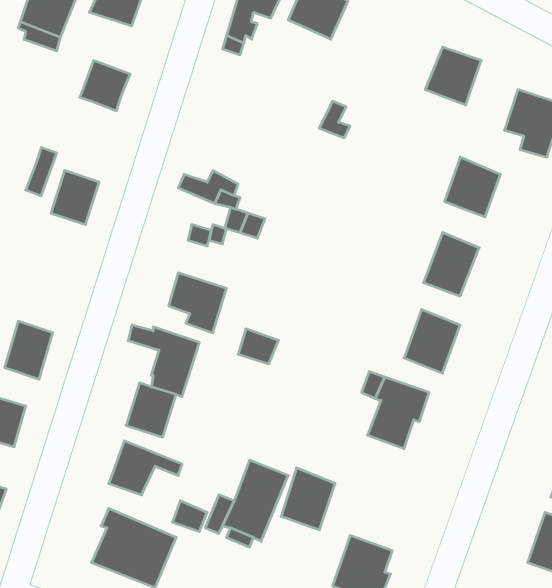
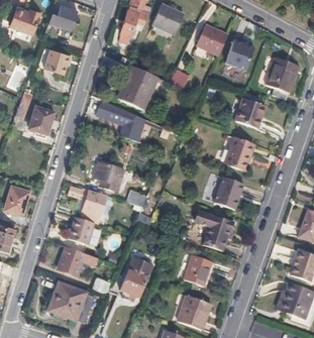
building: none -> [197,24,227,53]
building: none -> [120,66,158,110]
building: [281,468,335,530] -> [183,255,211,288]

